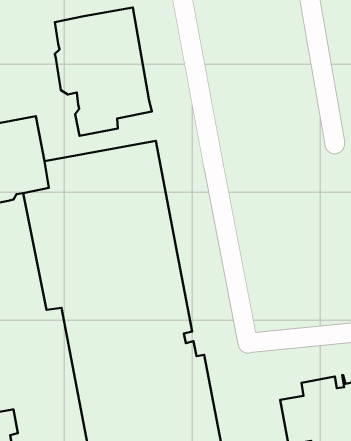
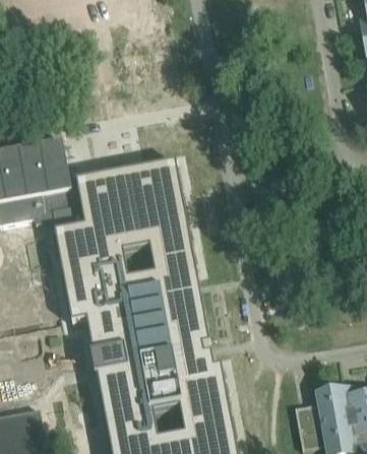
building: [55,8,152,136] -> none

